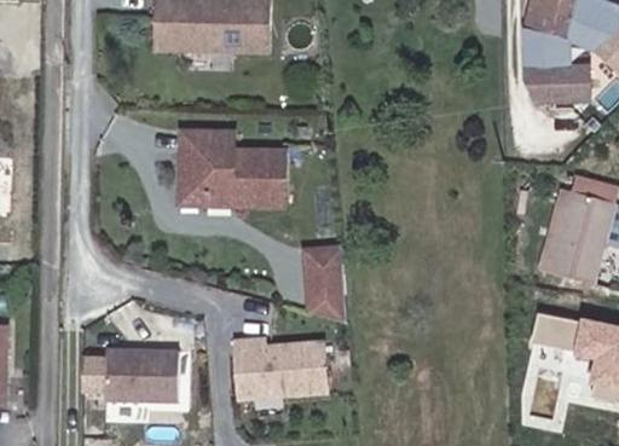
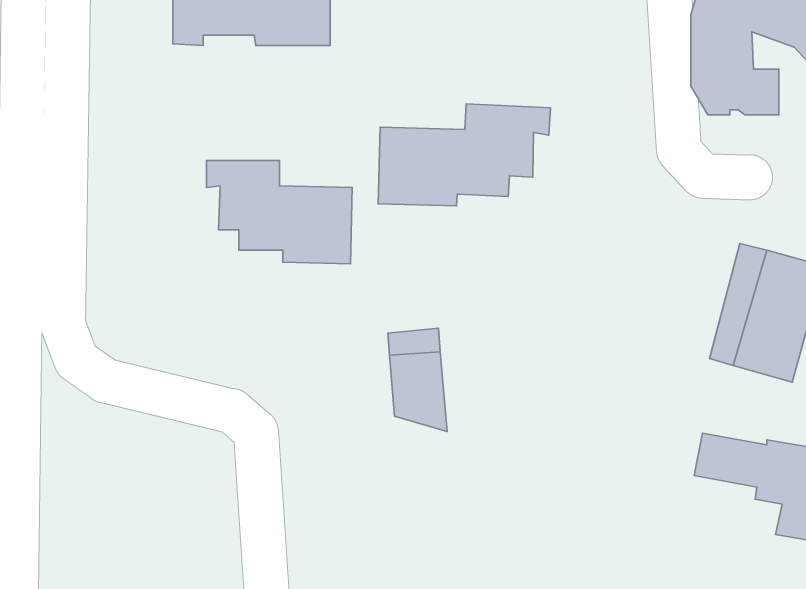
building: none -> [378,104,550,206]
building: [175,146,231,201] -> none
building: [236,335,328,394] -> none
building: [104,347,178,398] -> none

